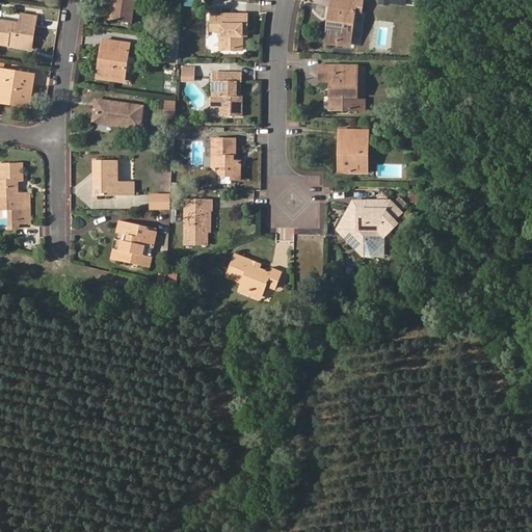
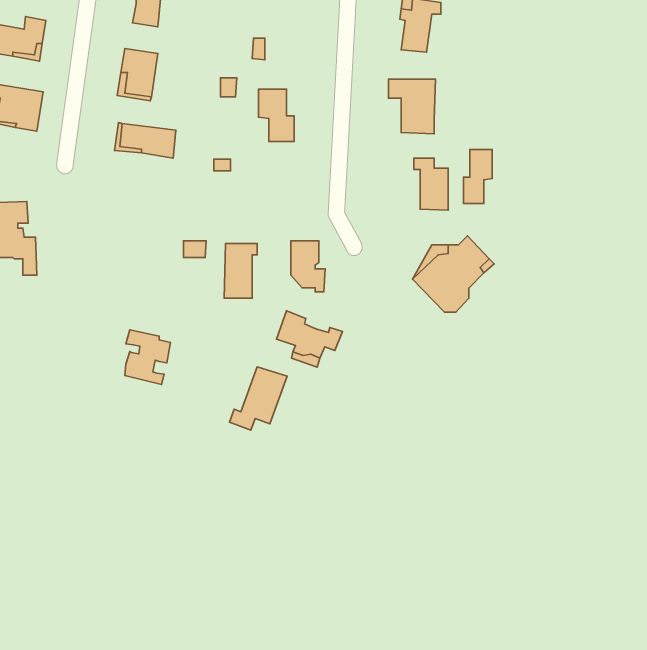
building: [210,9,245,50] -> none
building: none -> [464,150,492,203]
building: [210,137,238,179] -> [291,241,325,292]
building: [99,160,134,196] -> none
building: [117,220,155,265] -> [125,330,171,384]
building: none -> [229,367,287,430]

